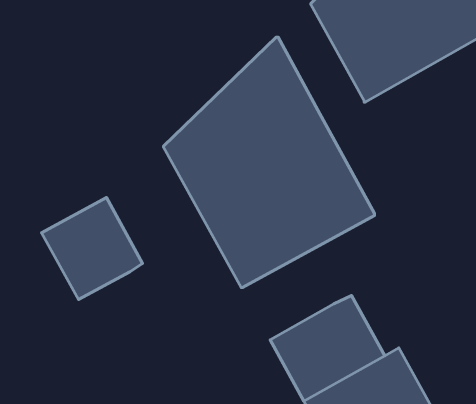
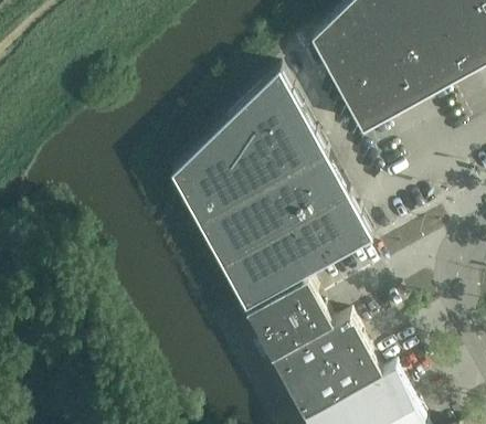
building: [42,197,142,300] -> none
building: none -> [249,280,335,361]

